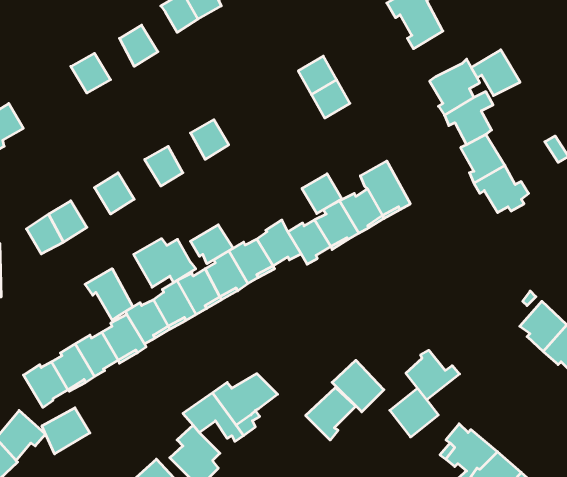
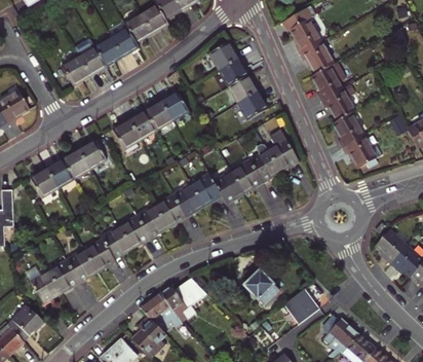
building: none -> [111,27,138,55]
building: none -> [209,41,237,68]
building: none -> [78,45,106,74]
building: [471,50,520,96] -> [300,40,334,72]
building: none -> [161,92,188,119]
building: none -> [129,111,155,139]
building: [302,174,342,214] -> [238,90,266,118]
building: none -> [62,149,89,177]
building: [190,225,233,264] -> none
building: [134,239,196,287] -> none
building: [85,269,133,320] -> none
building: [406,350,460,400] -> none
building: [306,387,356,440] -> none
building: [42,408,90,454] -> none

